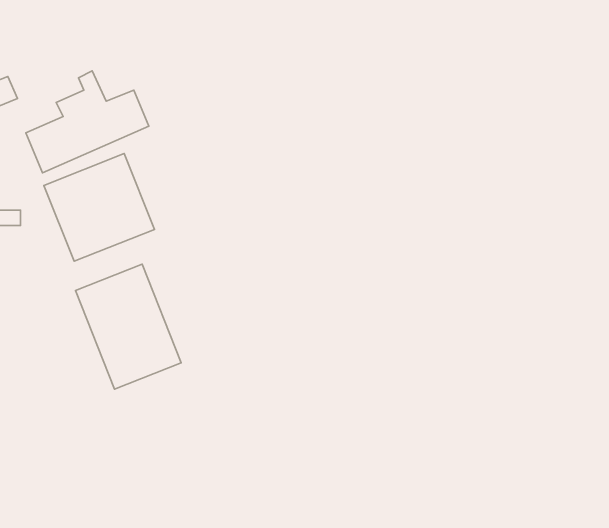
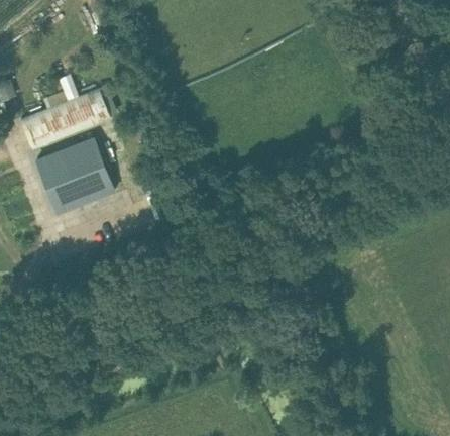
building: [76,264,181,389] -> none

